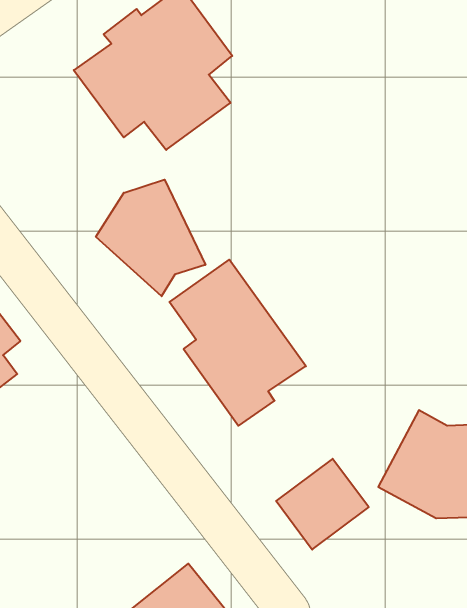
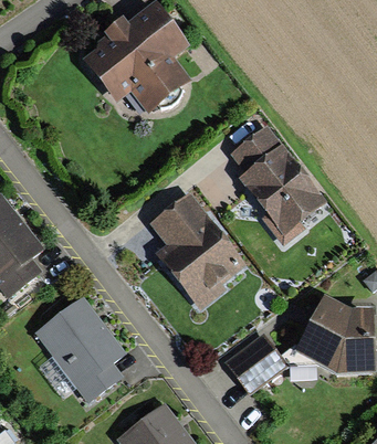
building: none -> [231,125,327,246]
building: [96,180,205,296] -> none
building: none -> [36,297,124,403]

